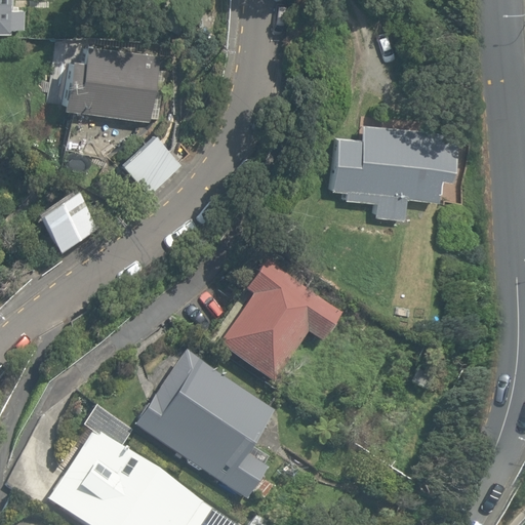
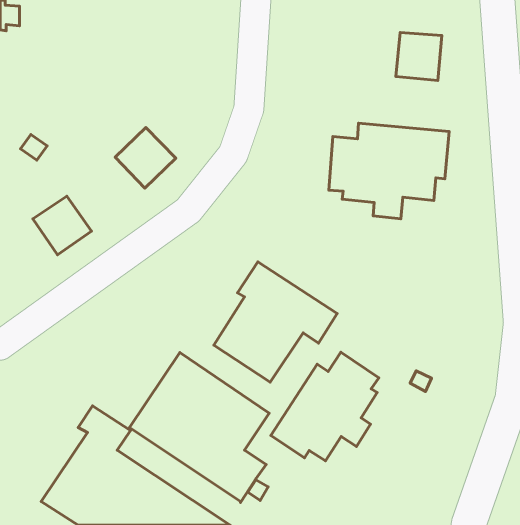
building: none -> [396,32,442,80]
building: [65,43,168,120] -> none
building: none -> [271,352,379,461]

